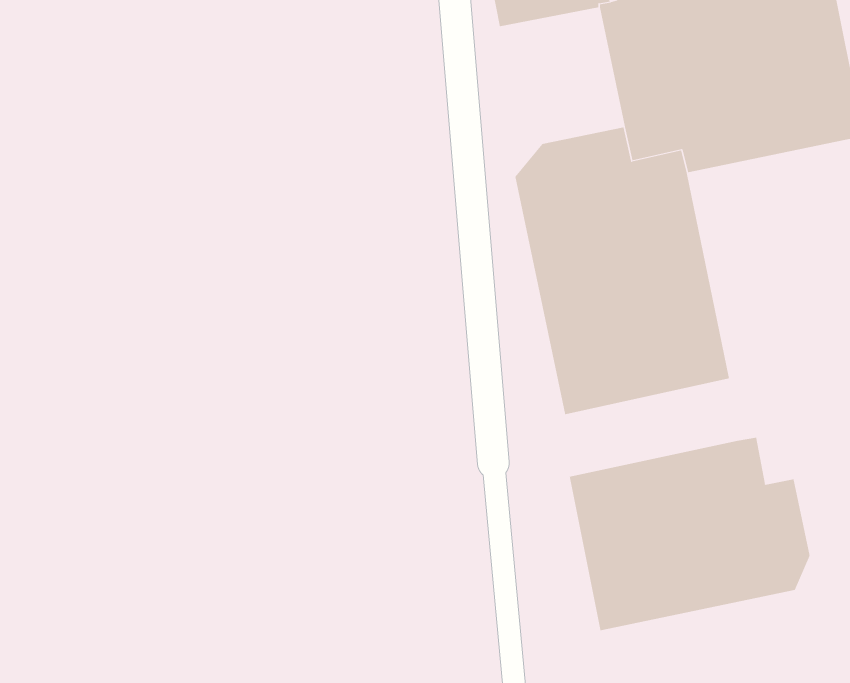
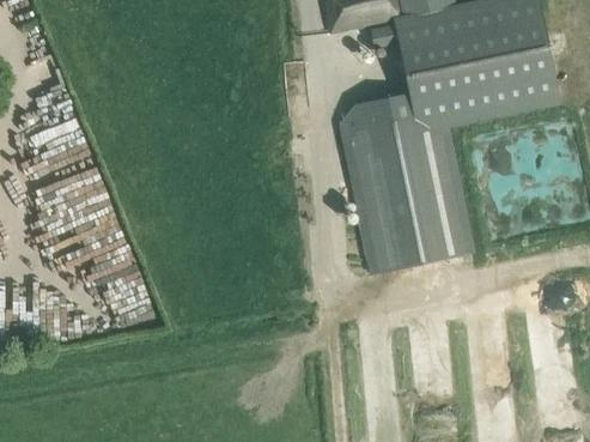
building: [569,437,810,631] -> none

